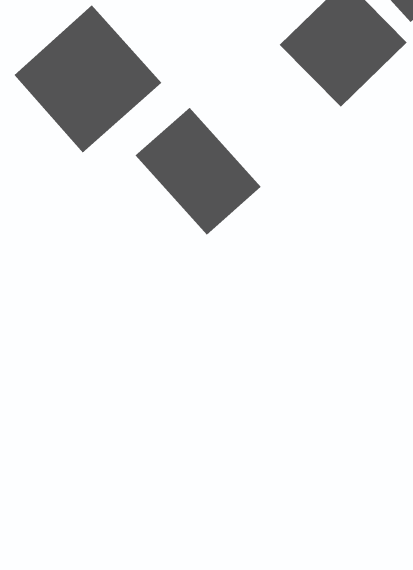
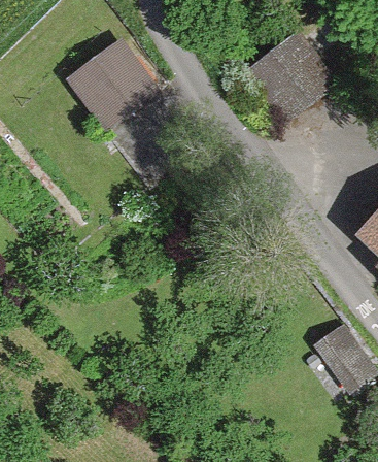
building: [135,107,262,235] -> none

